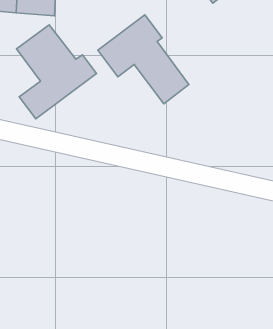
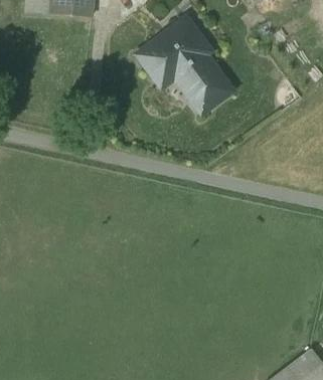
building: [16,25,97,119] -> none

